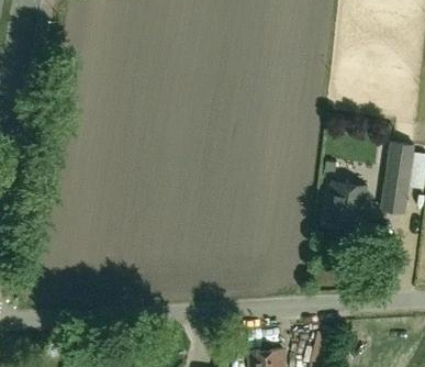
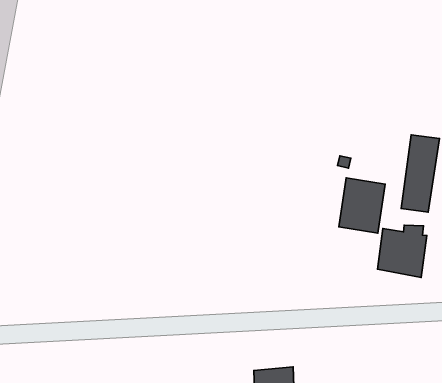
building: none -> [377,225,427,277]

